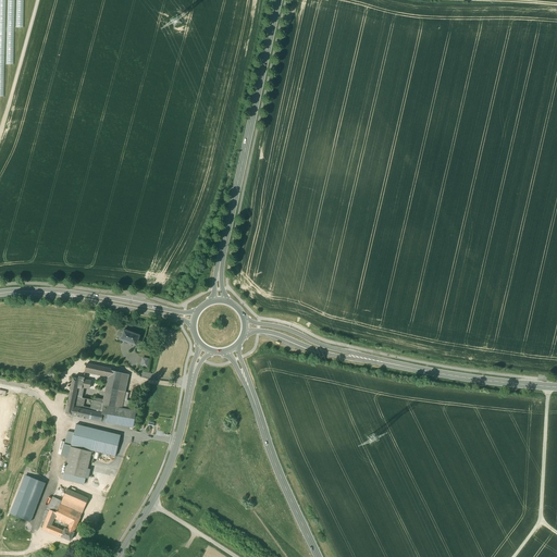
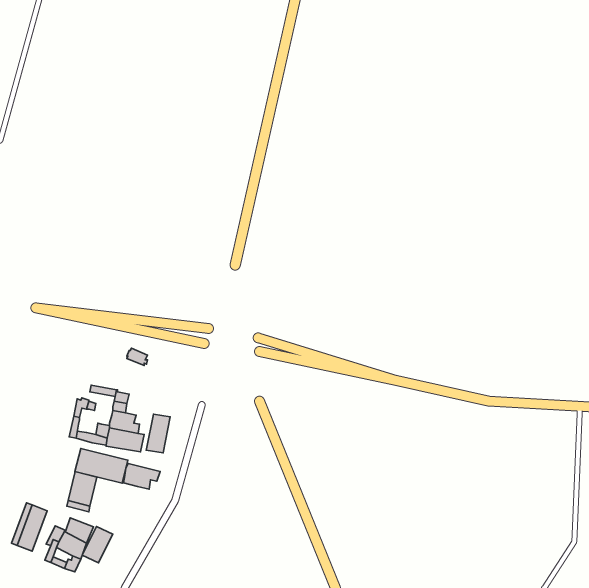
building: none -> [146,414,170,453]
building: none -> [123,464,160,489]
building: none -> [82,526,113,563]

